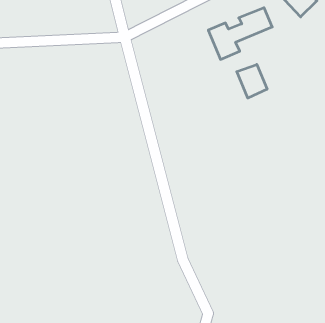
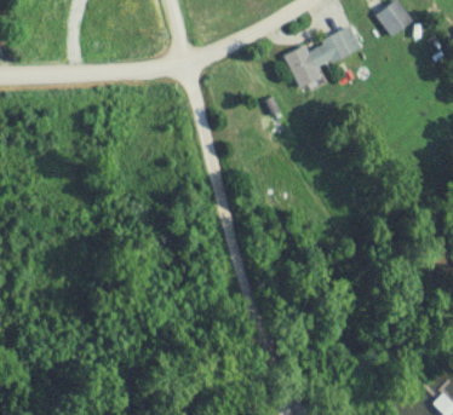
building: [237,64,267,98] -> none

